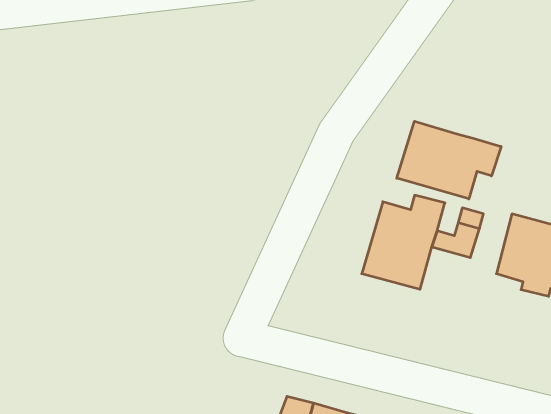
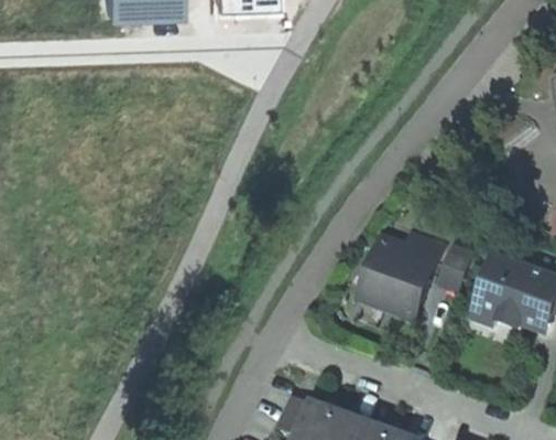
building: [397,121,501,199] -> none

